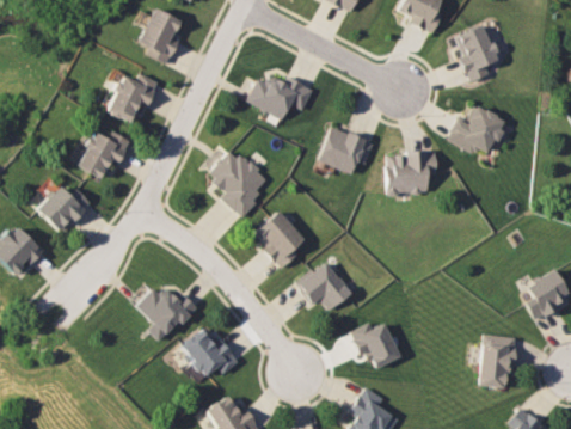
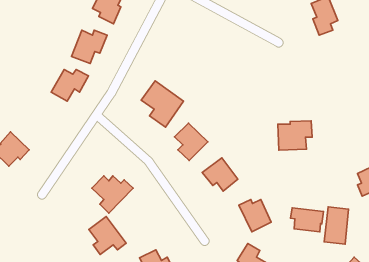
building: [248,75,314,118] -> none
building: [447,104,506,154] -> none
building: [319,127,375,173] -> none
building: [387,151,437,194] -> [278,121,312,150]
building: [36,185,91,233] -> none
building: [182,325,237,381] -> [89,216,126,255]
building: none -> [291,208,324,232]

